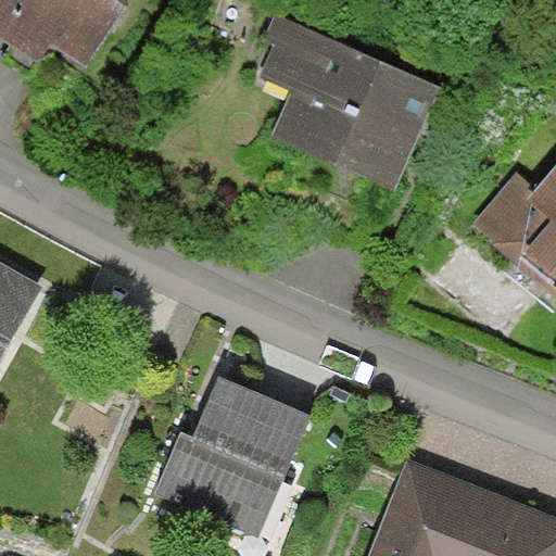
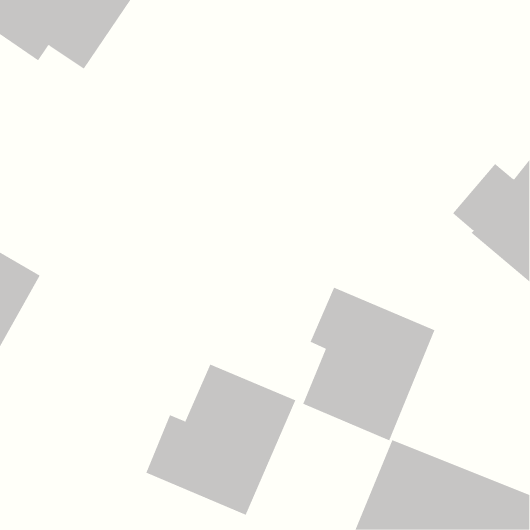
building: [260,13,440,191] -> none
building: none -> [303,287,435,441]

